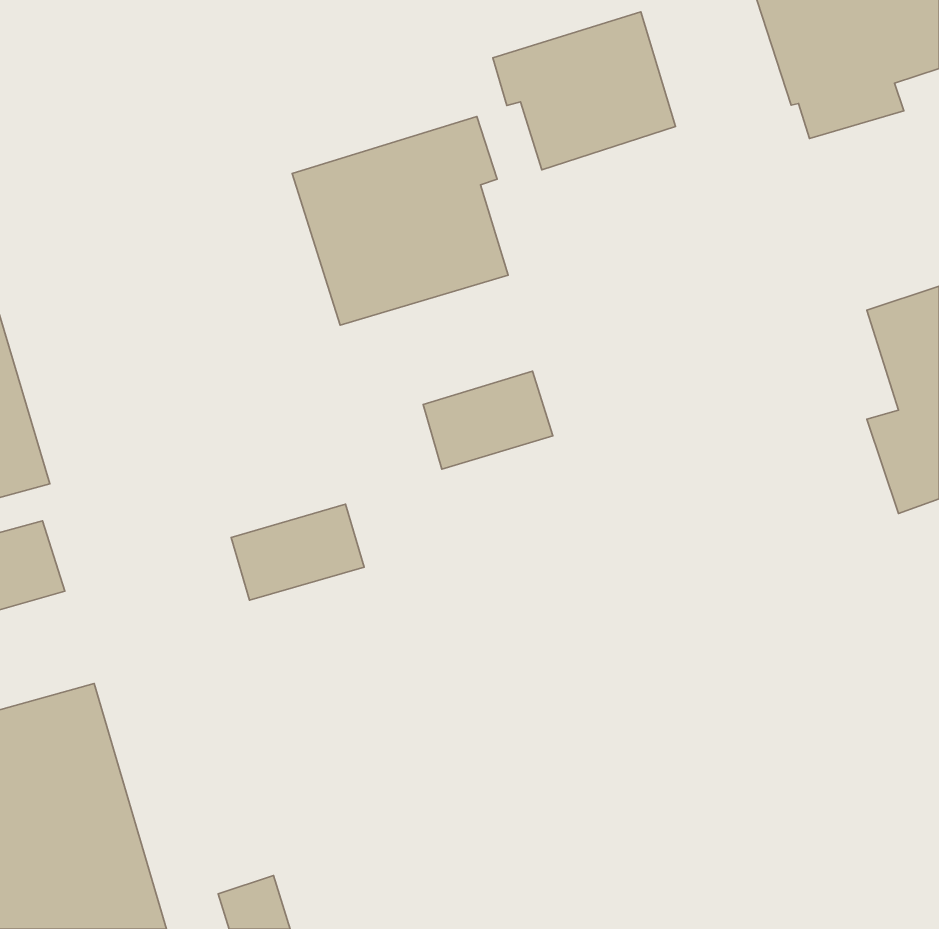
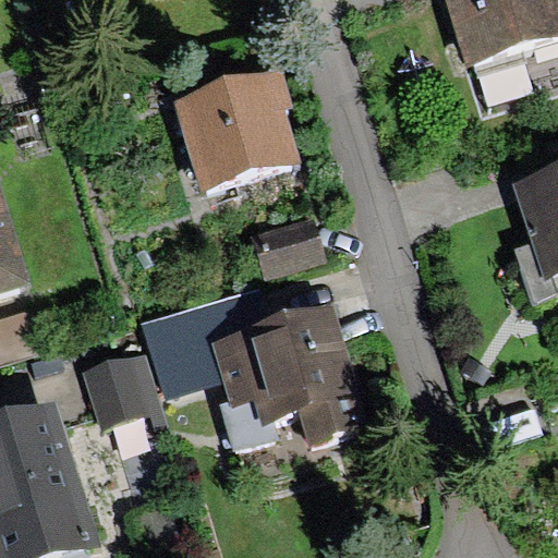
building: [493,12,676,170] -> none
building: none -> [207,302,369,449]
building: none -> [81,349,165,426]

